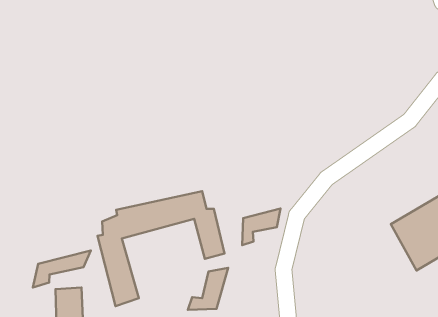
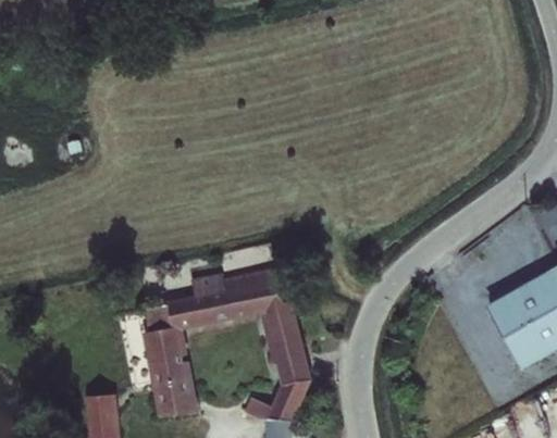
building: [242,209,280,245] -> none
building: [33,251,91,287] -> none

